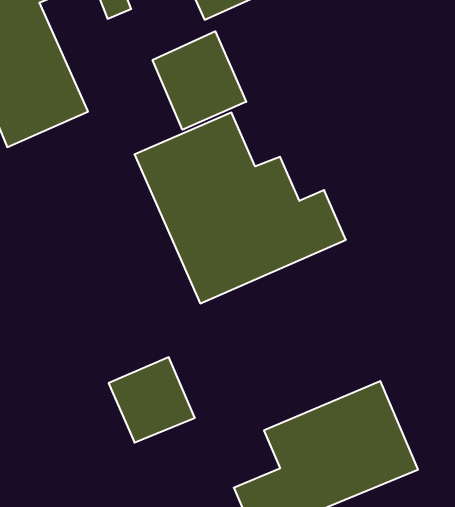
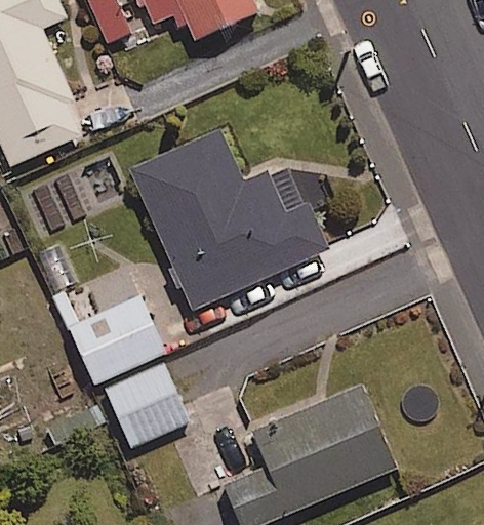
building: [153,31,246,130] -> none
building: none -> [68,291,168,380]

